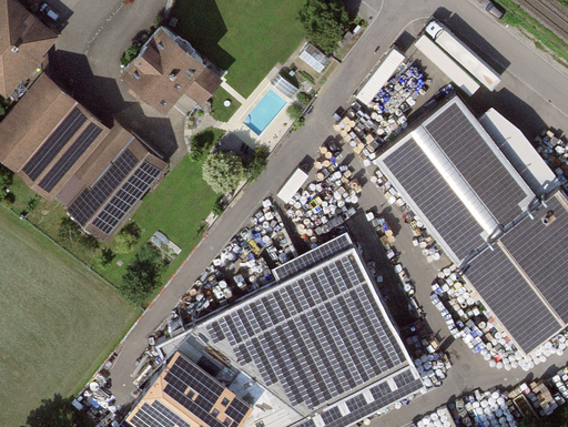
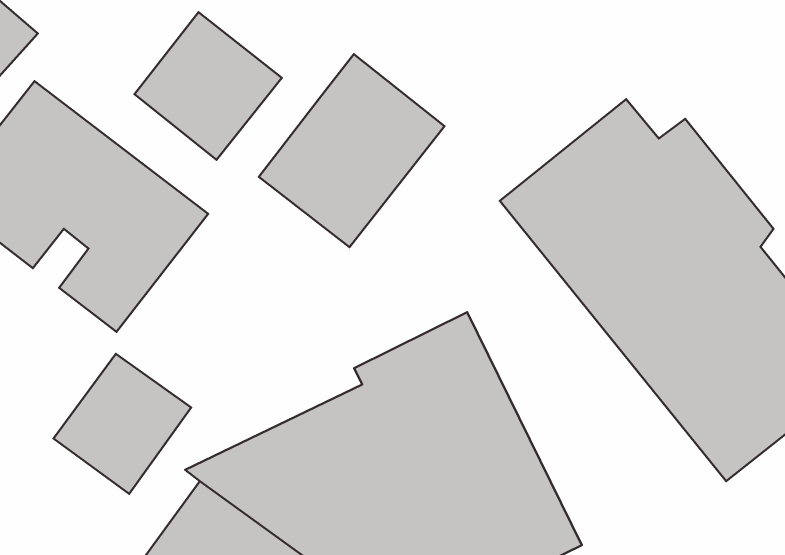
building: none -> [259,54,445,247]
building: none -> [54,354,191,494]

